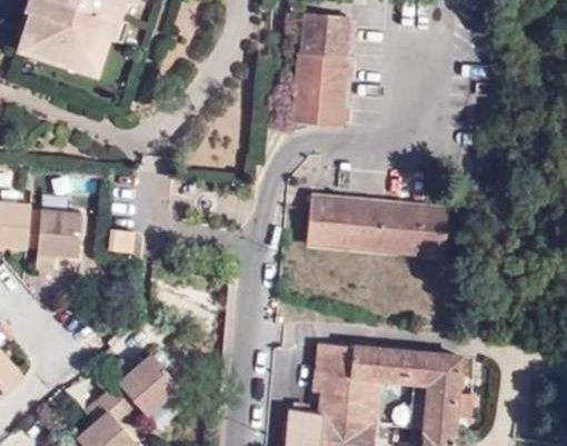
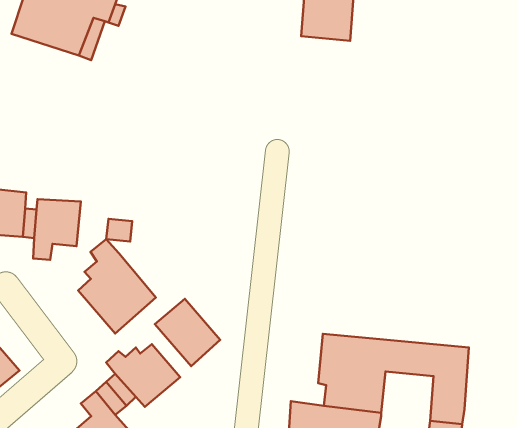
building: [292,53,346,127] -> none
building: [305,195,449,259] -> none
building: none -> [78,239,156,334]
building: none -> [155,299,220,366]

